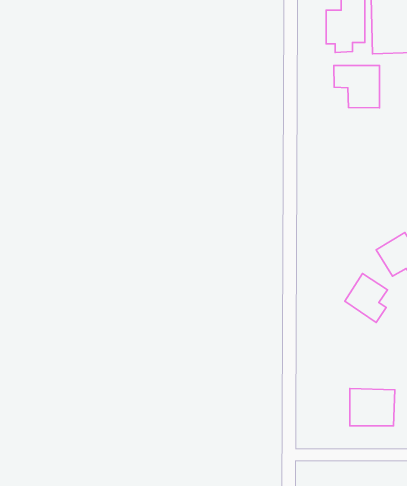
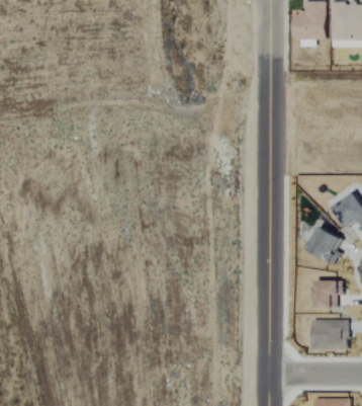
building: [334,65,380,108] -> none
building: none -> [312,280,342,307]

